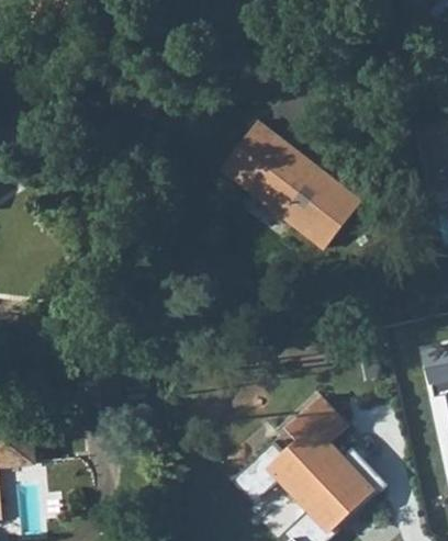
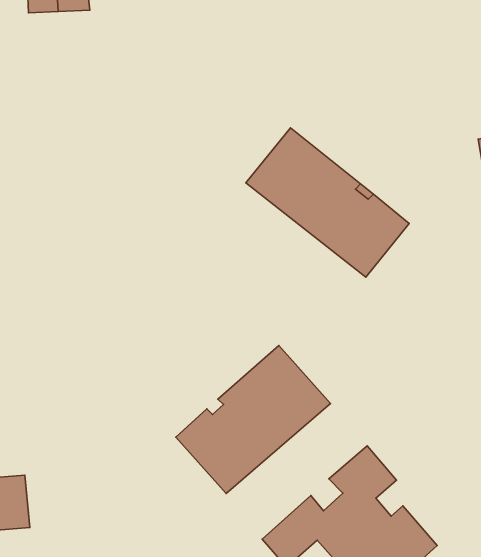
building: none -> [176,345,331,494]

